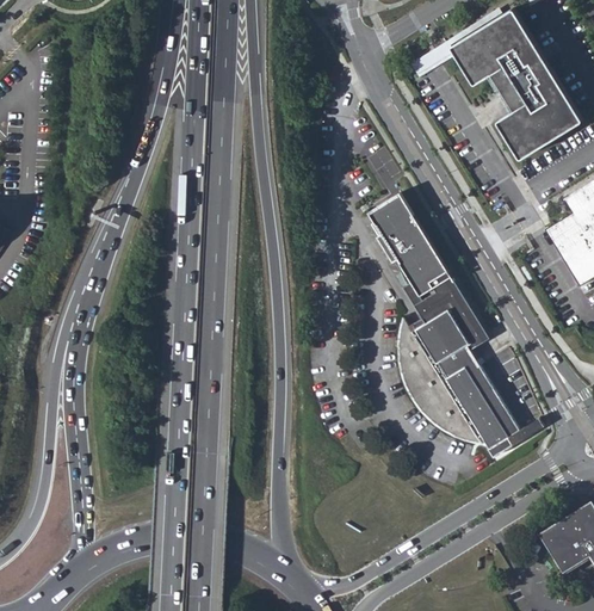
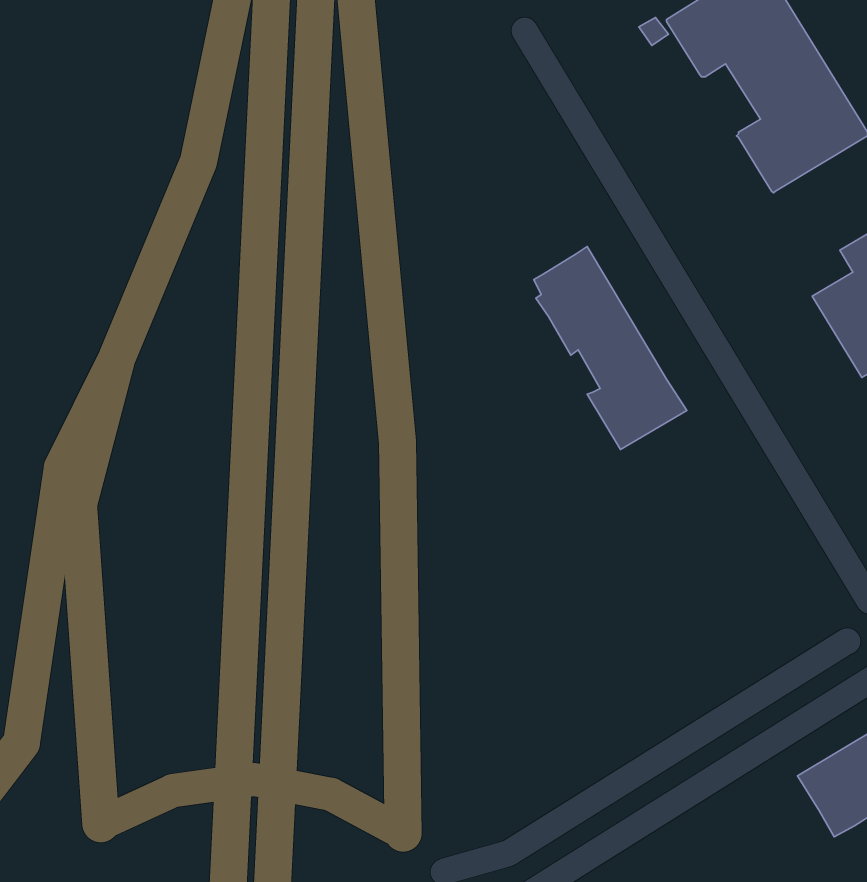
building: [396,300,543,461] -> none

